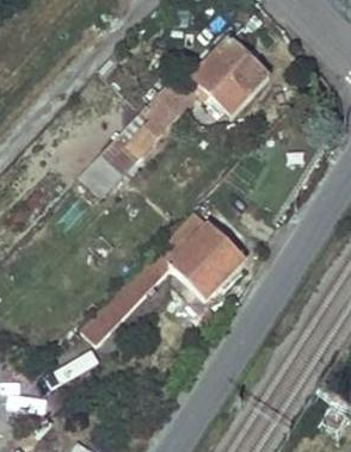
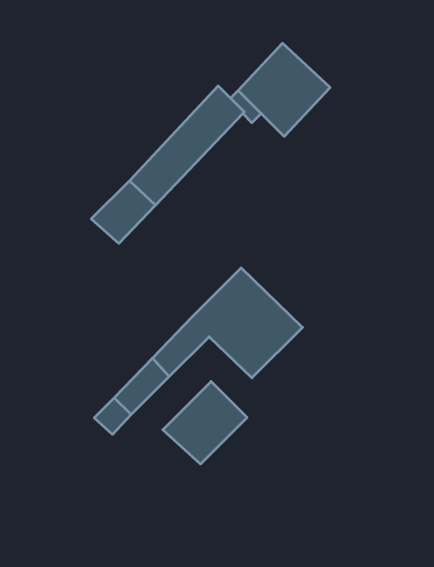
building: none -> [163,381,247,464]

